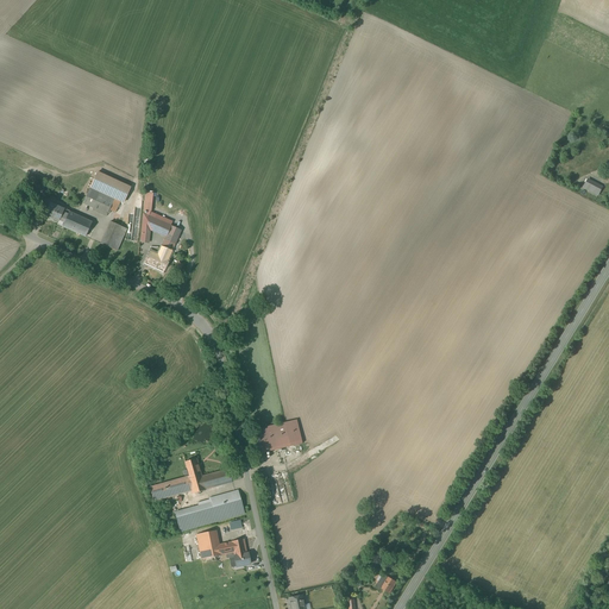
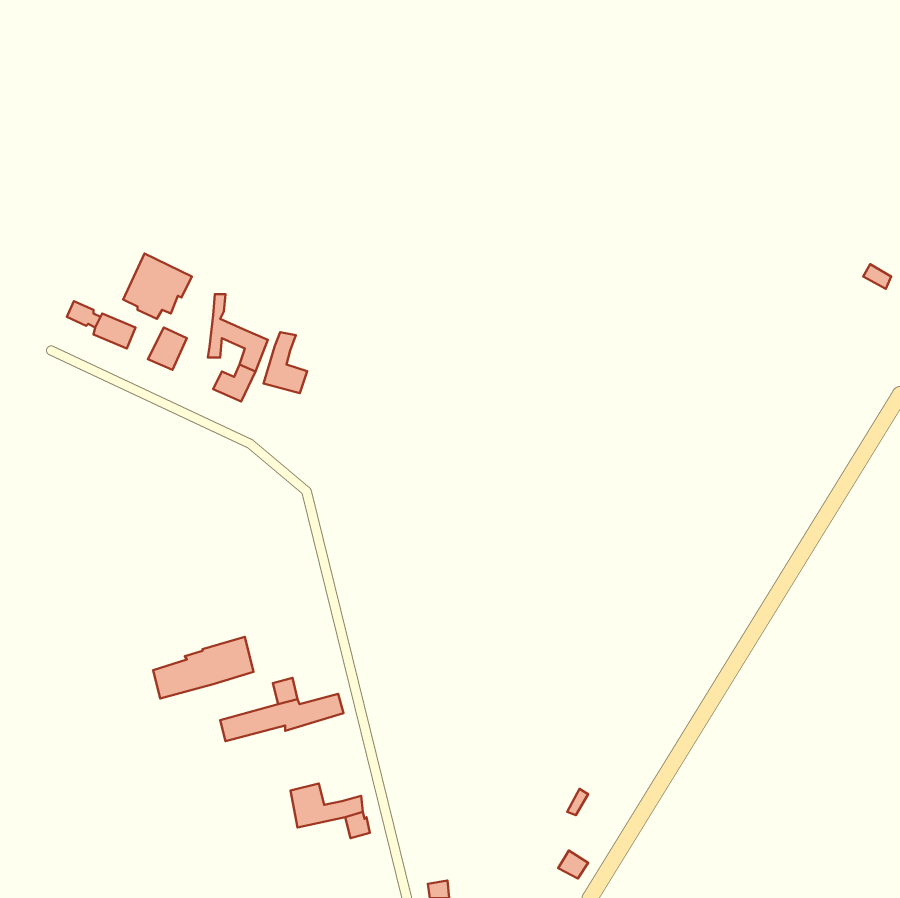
building: none -> [264,332,307,393]
building: [250,419,302,453] -> none
building: [176,489,244,530] -> [153,637,254,698]

